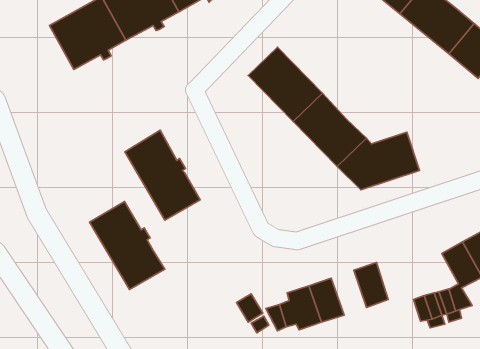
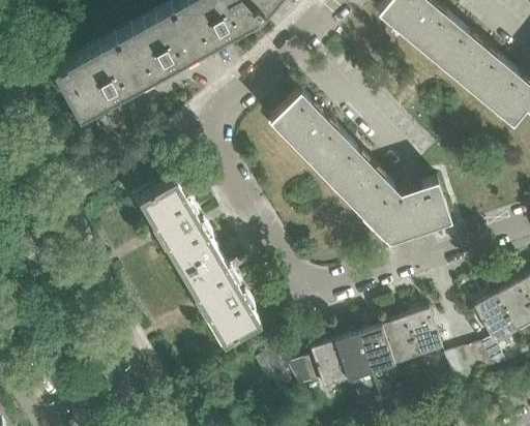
building: [89,202,165,290] -> [180,252,260,345]
building: none -> [404,310,442,358]
building: none -> [356,327,393,374]

